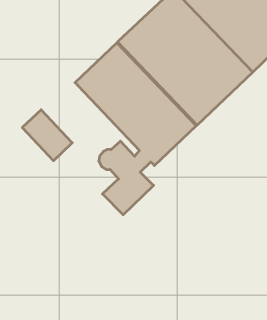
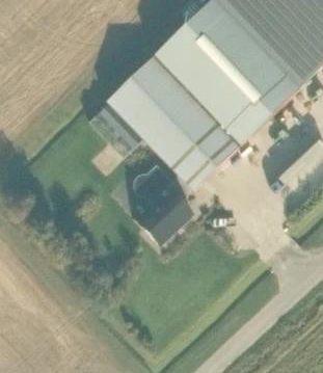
building: [22,110,72,161] -> [89,99,144,155]

